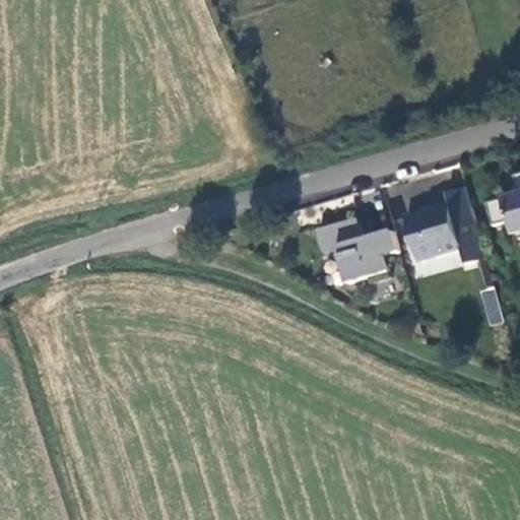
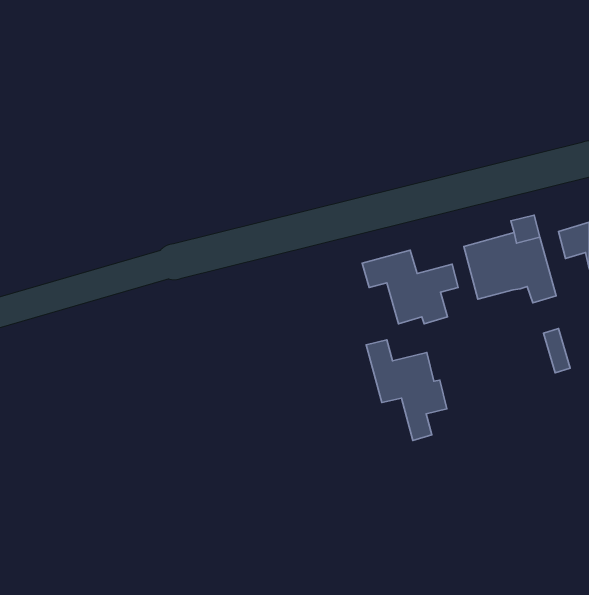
building: none -> [366,340,447,441]

